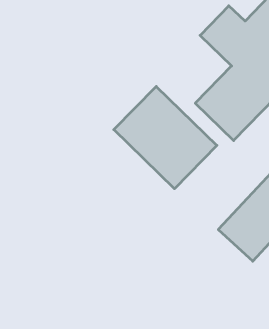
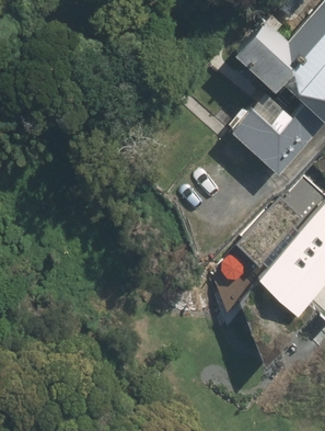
building: [114,86,217,189] -> none

